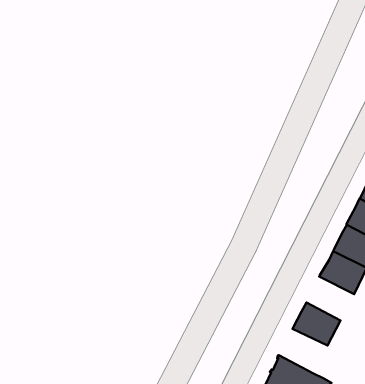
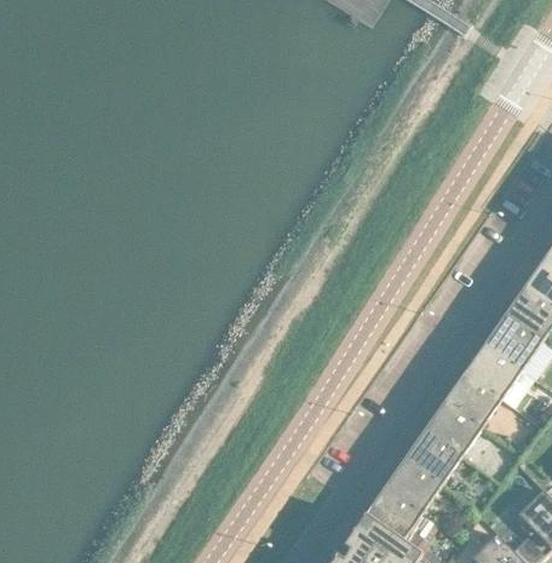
building: none -> [408,424,466,479]
building: none -> [367,482,438,546]

